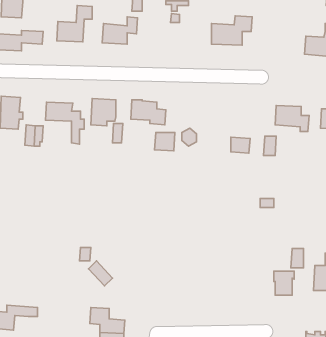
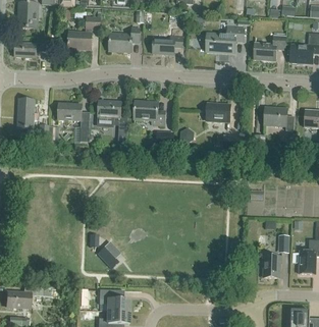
building: none -> [254,32,286,60]
building: none -> [153,35,183,53]
building: none -> [207,103,230,120]

